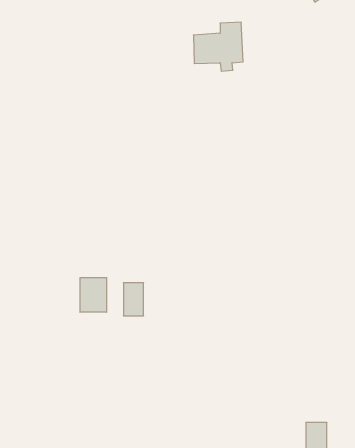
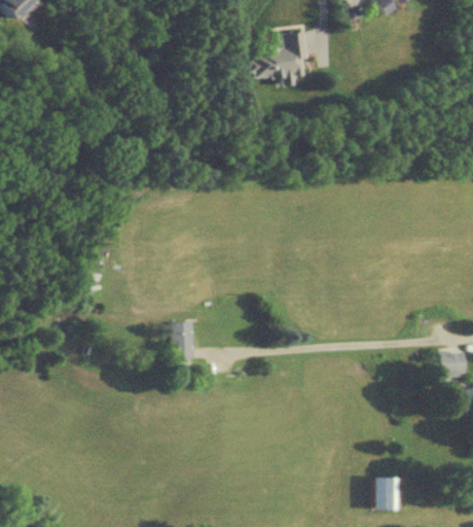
building: [80,278,107,312] -> none

